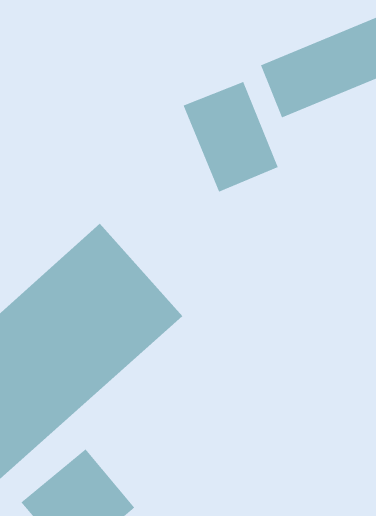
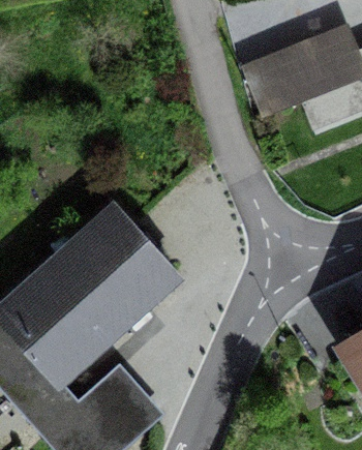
building: [183,81,279,192] -> none

